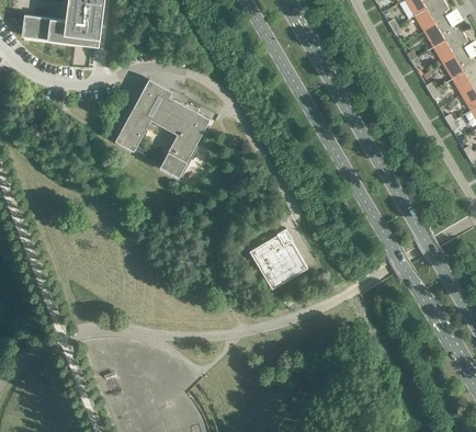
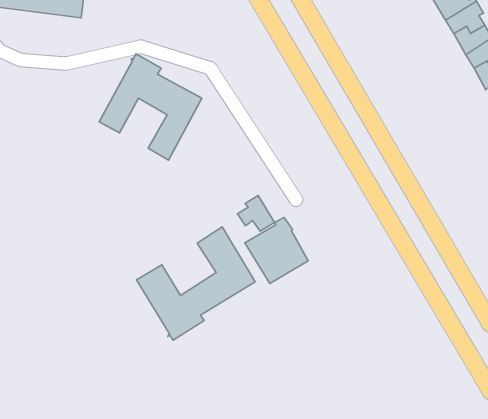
building: none -> [238,196,275,231]
building: none -> [137,227,255,340]

